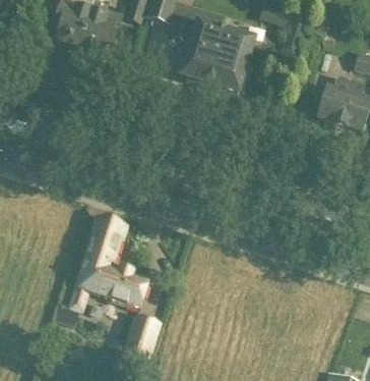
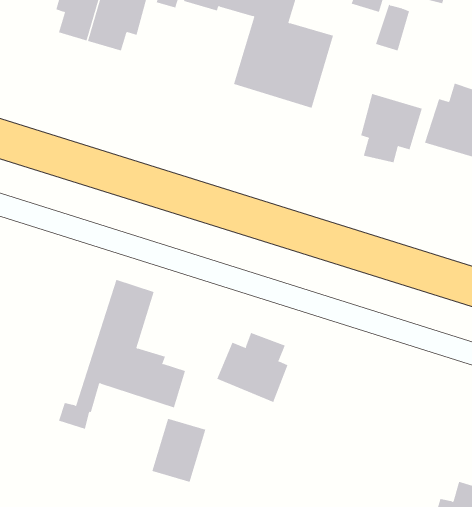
building: none -> [360,93,422,163]
building: none -> [216,332,288,403]

